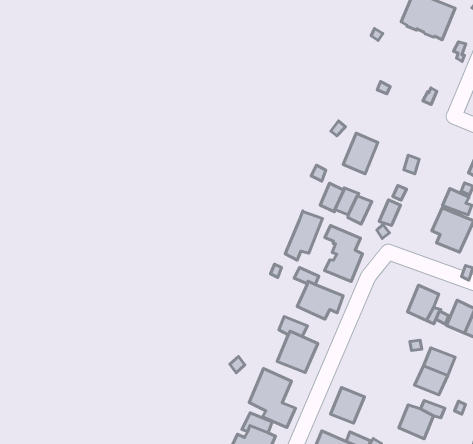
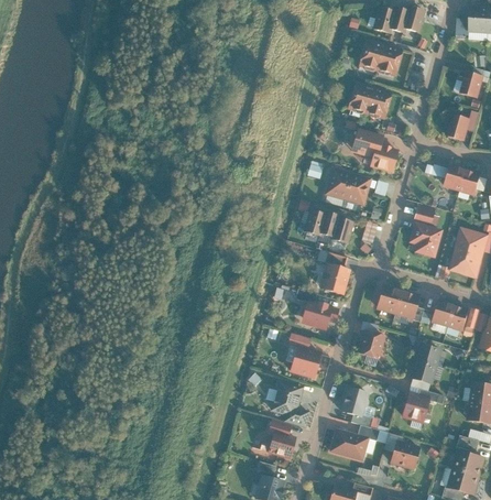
building: none -> [347,80,392,119]
building: none -> [350,127,399,173]
building: none -> [343,172,371,206]
building: [285,211,322,260] -> none
building: none -> [375,285,402,315]
building: none -> [356,330,384,359]

